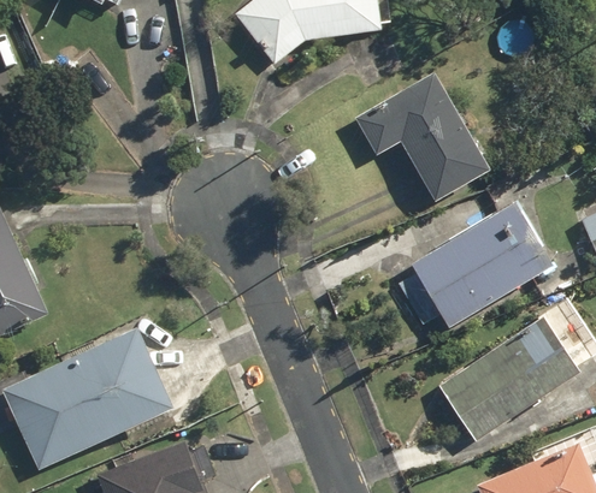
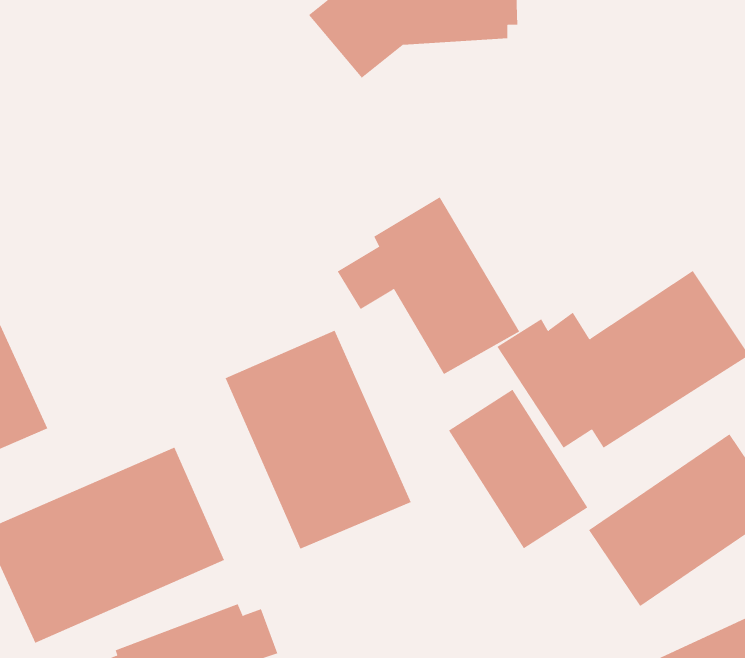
building: [360,73,492,202] -> [337,196,520,375]
building: none -> [225,330,411,549]
building: none -> [448,389,588,549]

